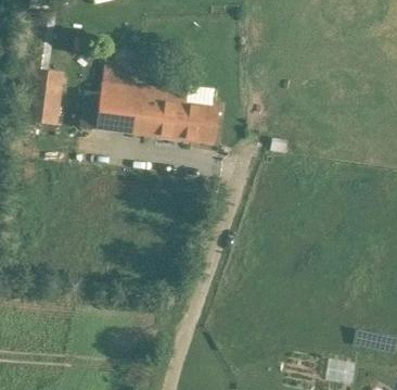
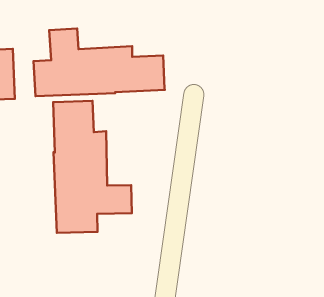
building: none -> [53,101,132,233]

